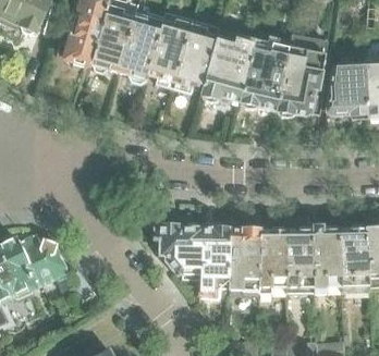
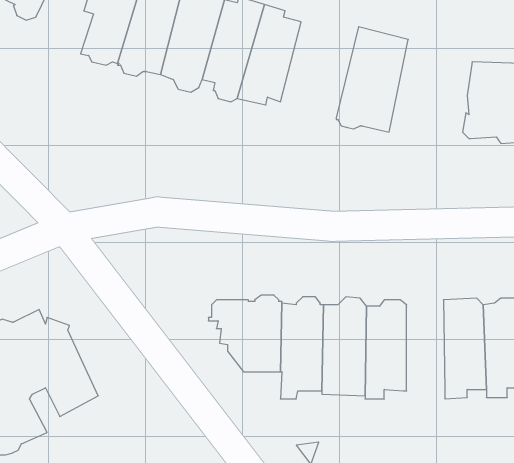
building: [199,30,254,102] -> none
building: [274,35,327,116] -> none
building: [285,225,313,293] -> none

